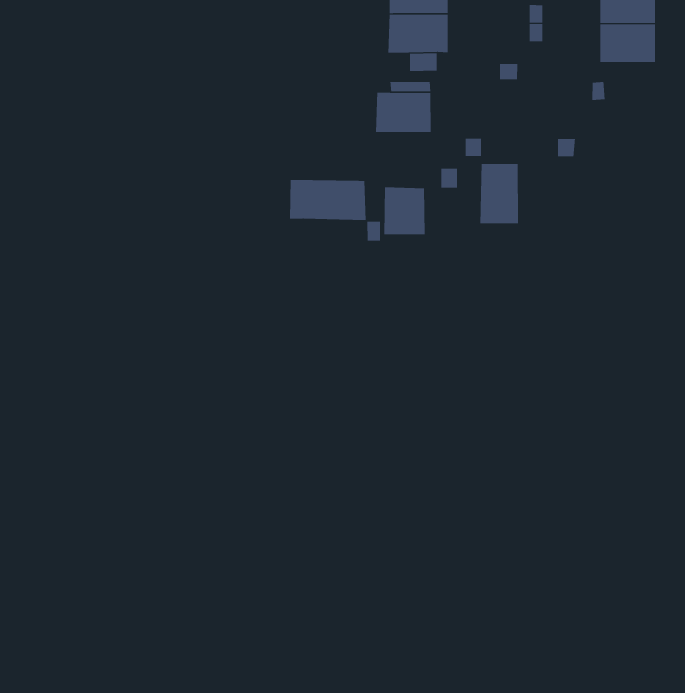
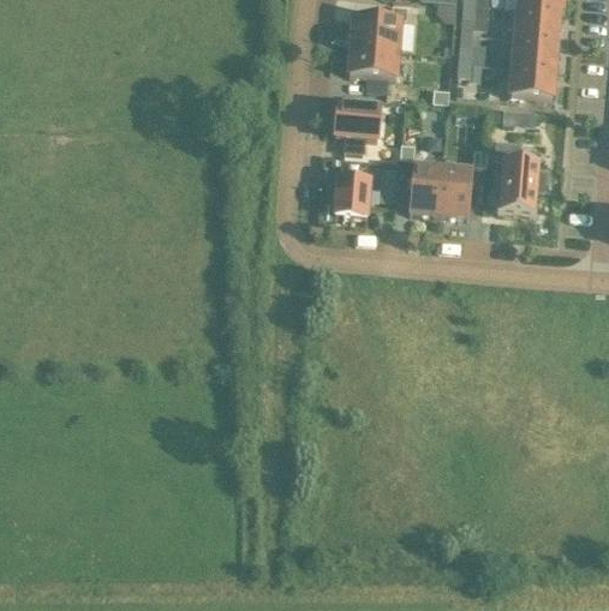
building: none -> [495,139,549,214]
building: none -> [438,166,472,215]
building: [289,179,367,221] -> none

